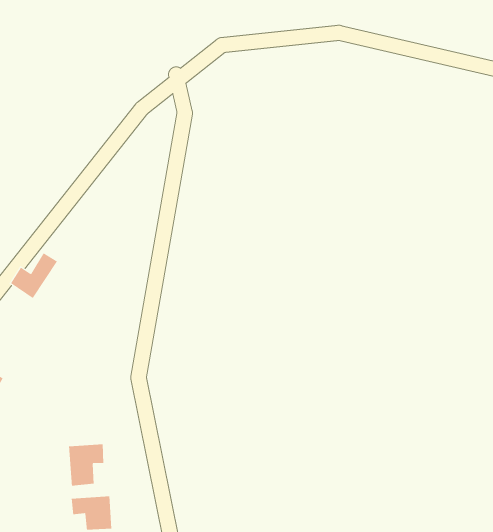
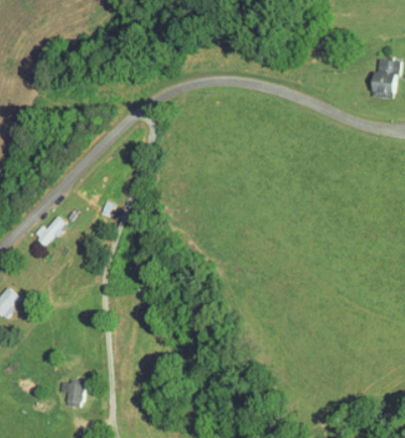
building: [69,443,104,486] -> none

